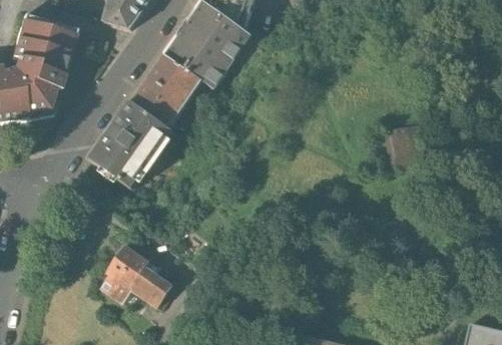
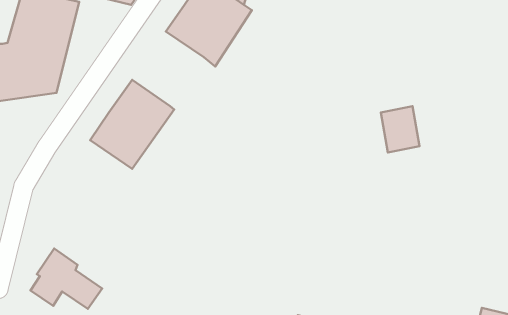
building: [131,56,201,129] -> none
building: [102,252,172,311] -> [31,249,102,309]

